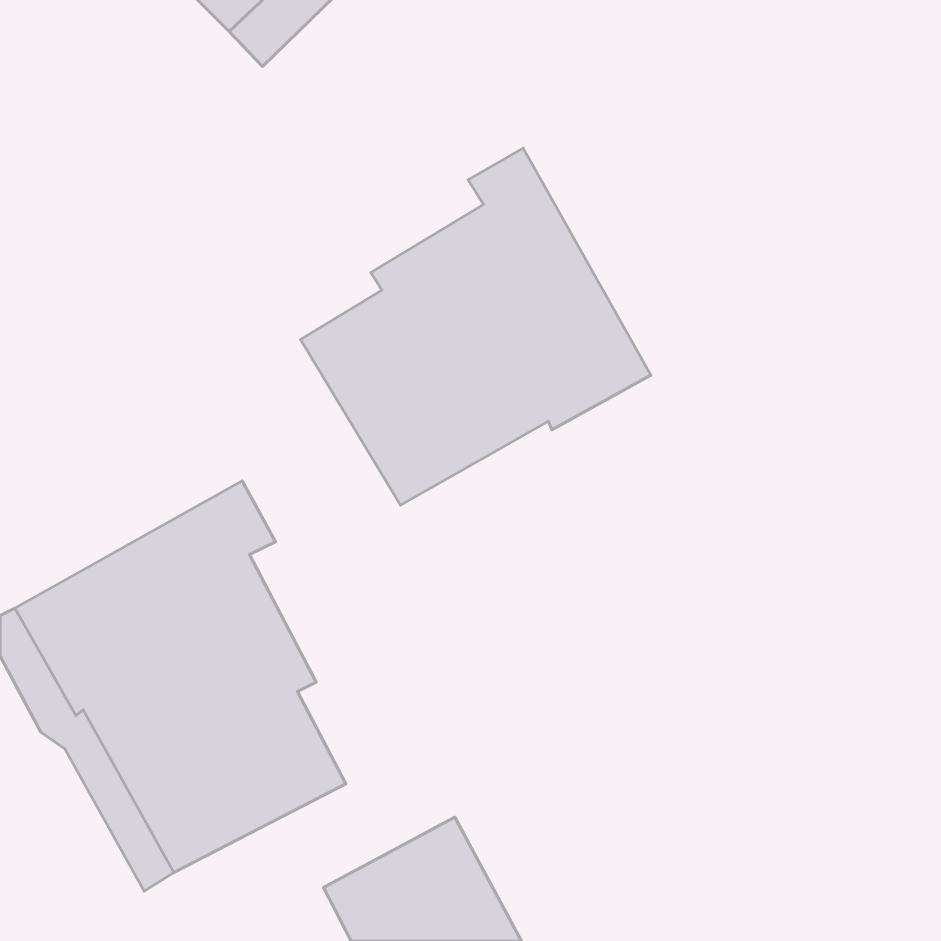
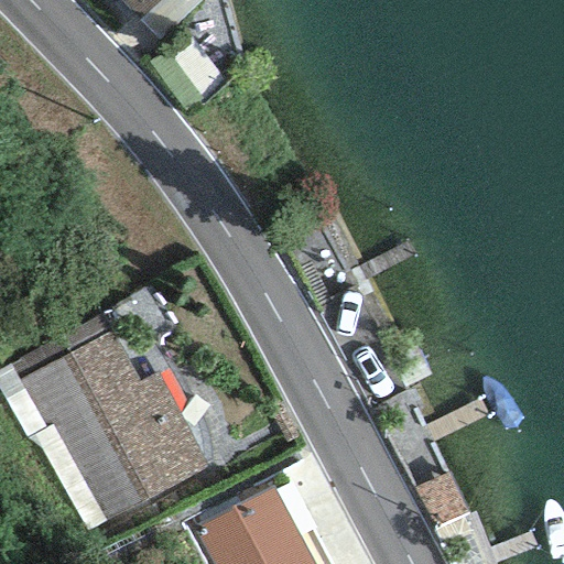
building: [301,148,651,505] -> none

